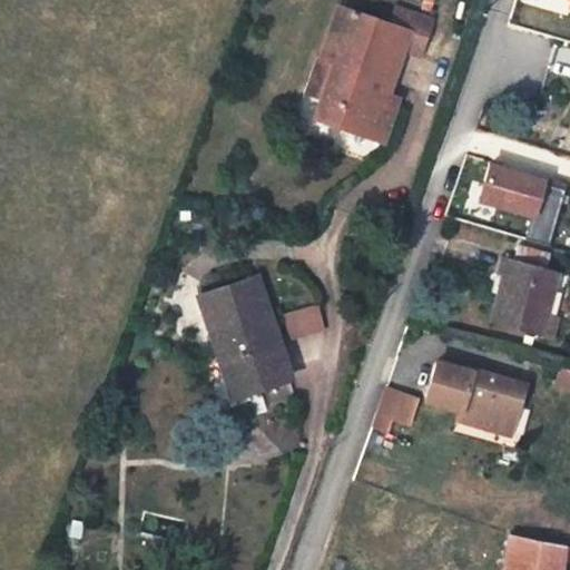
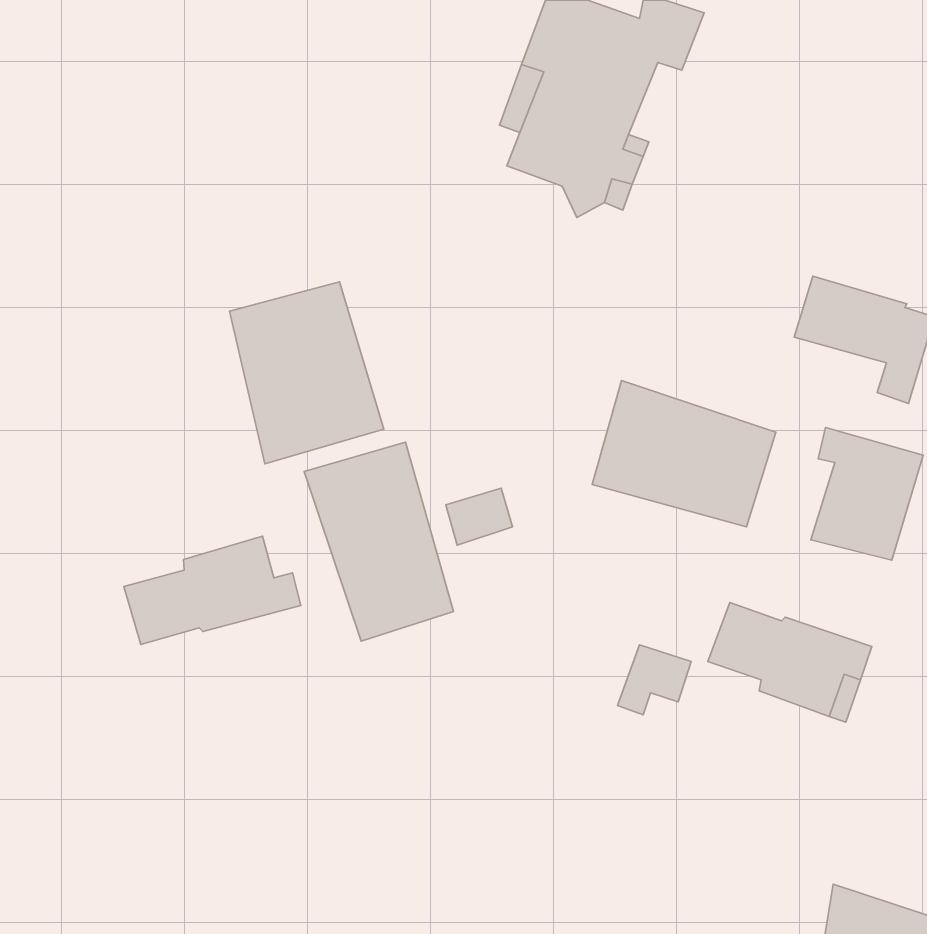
building: none -> [230,282,384,464]
building: none -> [592,380,776,527]
building: none -> [124,536,301,644]

